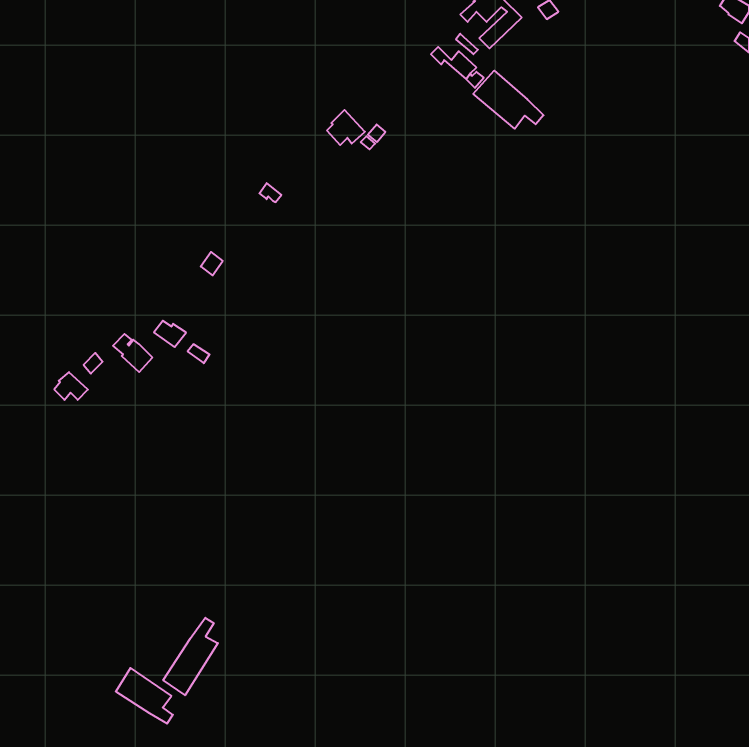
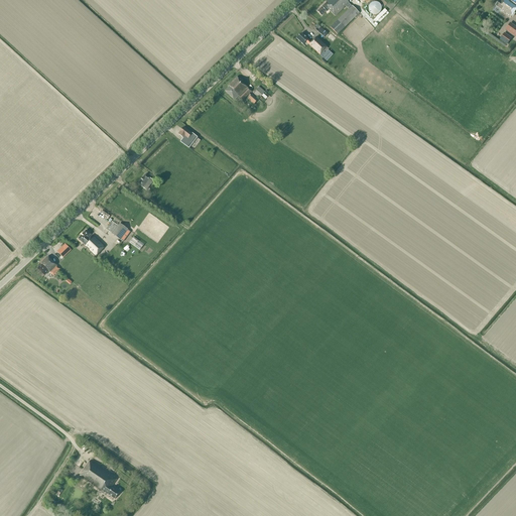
building: [473,71,544,129] -> none
building: [163,618,218,695] -> none

